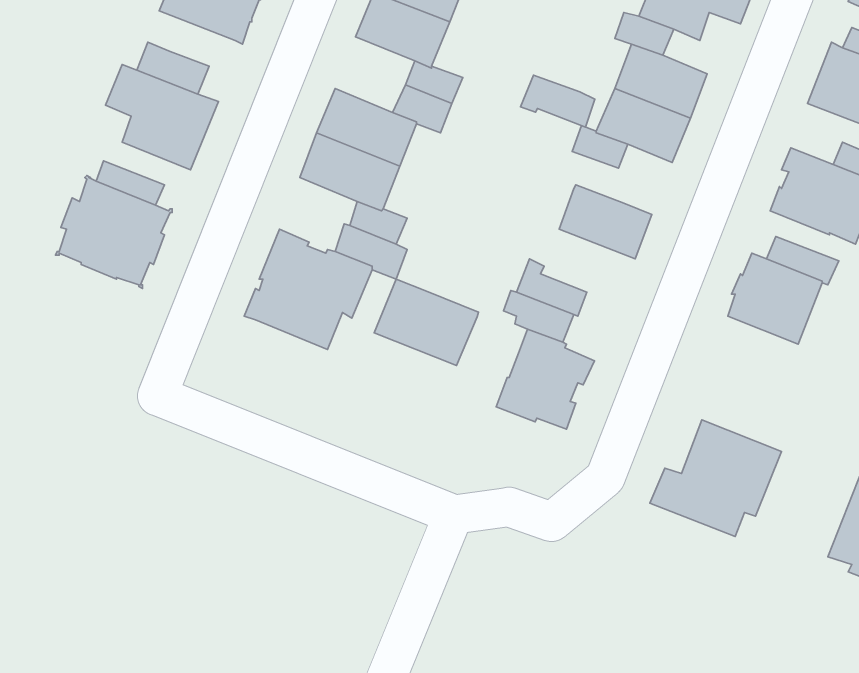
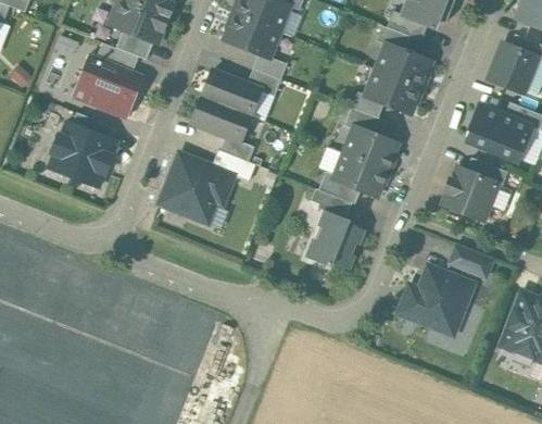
building: none -> [115,30,153,61]
building: [521,75,595,127] -> [343,108,387,138]
building: none -> [332,153,388,197]
building: [374,279,479,366] -> none
building: none -> [449,246,492,278]

